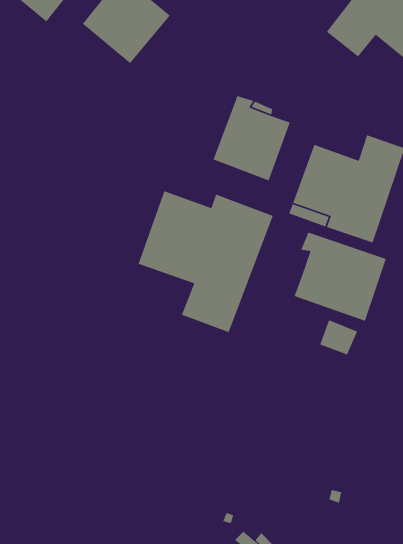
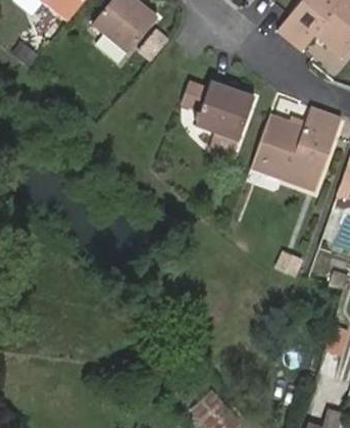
building: [137,190,274,333] -> none
building: [294,231,387,322] -> none

